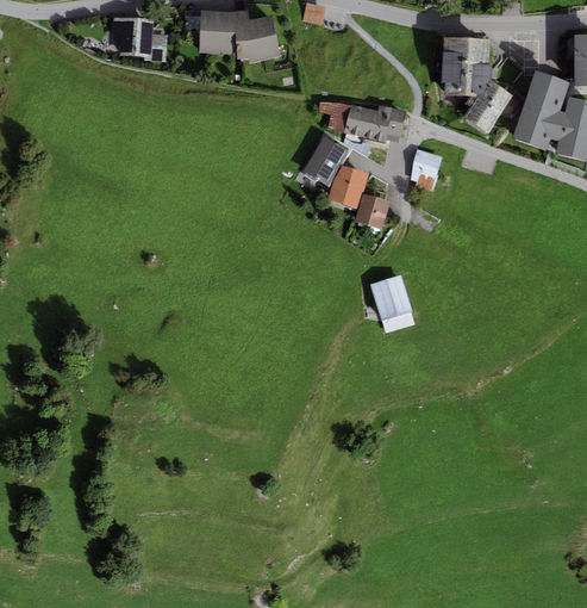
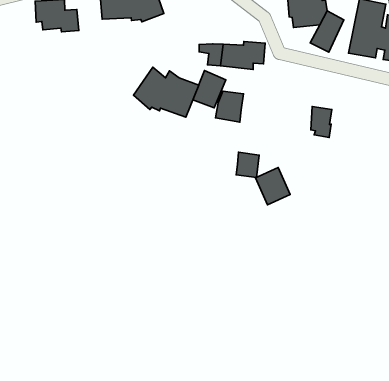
building: none -> [134,67,199,117]
building: [411,149,442,192] -> [311,107,332,137]
building: [356,193,389,229] -> [236,152,259,177]

